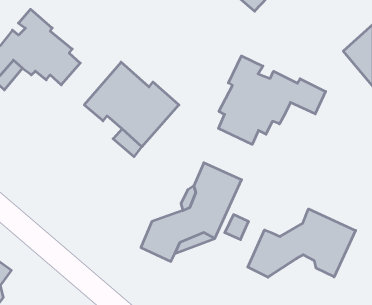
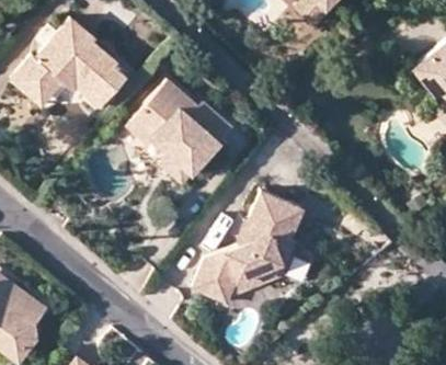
building: [218,56,326,144] -> none
building: [248,209,356,277] -> none

